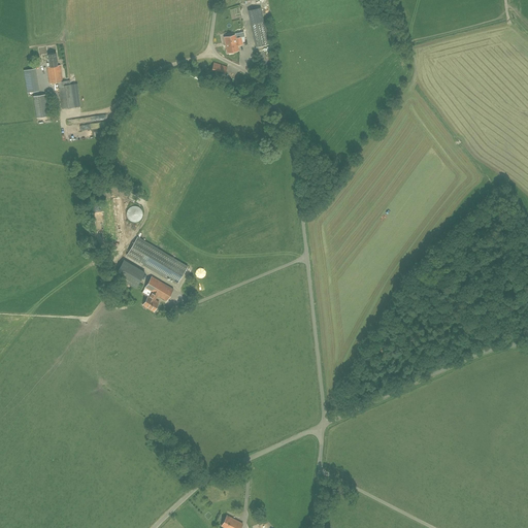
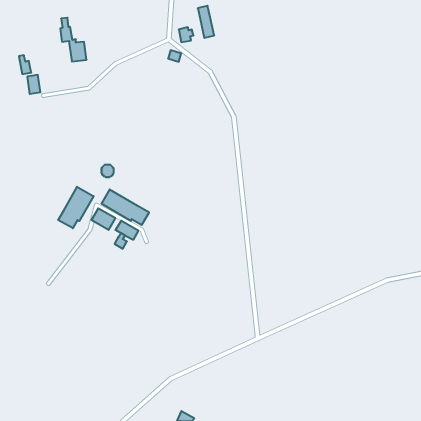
building: [47,54,80,108] -> [60,18,87,61]
building: none -> [58,187,94,228]

